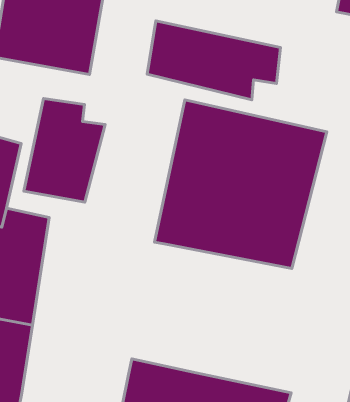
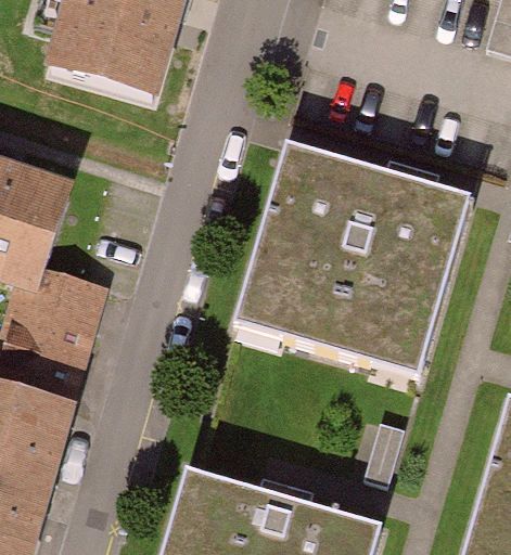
building: [147,21,280,100] -> none
building: [24,98,105,202] -> none

